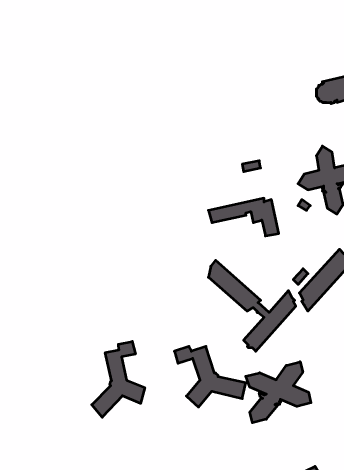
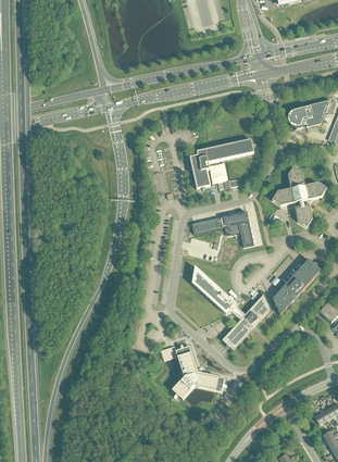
building: none -> [189,138,254,188]
building: [92,341,145,417] -> none
building: [246,362,311,423] -> none

